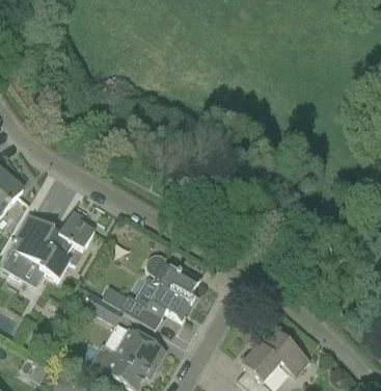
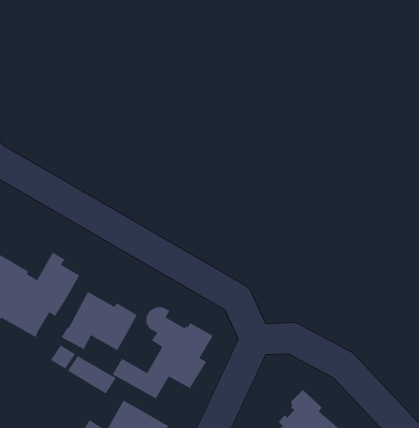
building: none -> [60,291,138,351]

